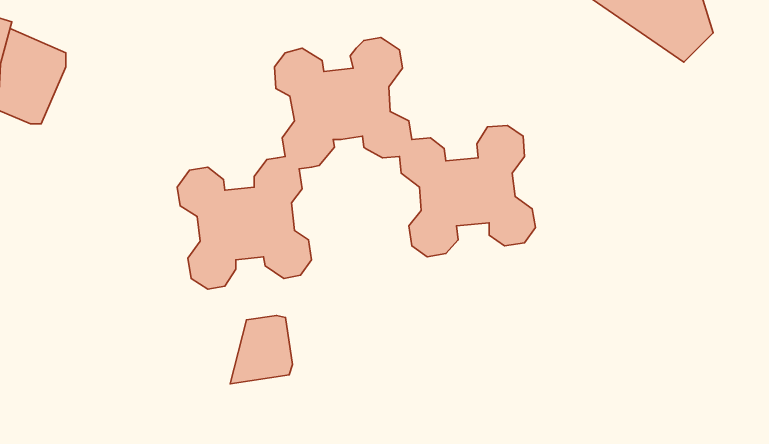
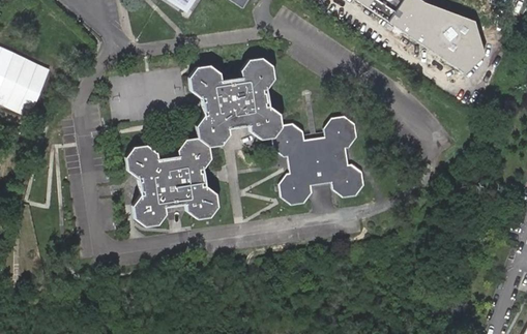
building: [230,315,292,384] -> none

